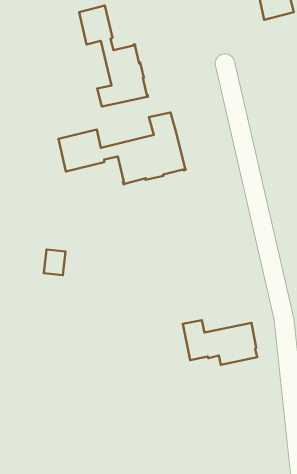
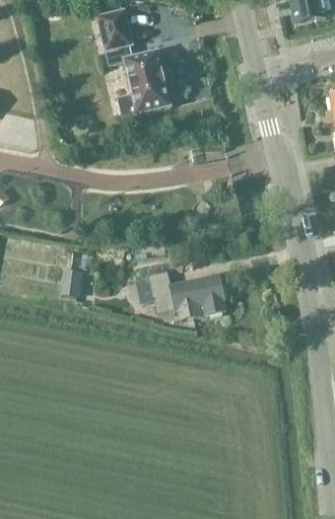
building: [59,112,186,184] -> none
building: [183,320,257,365] -> [145,271,224,318]

